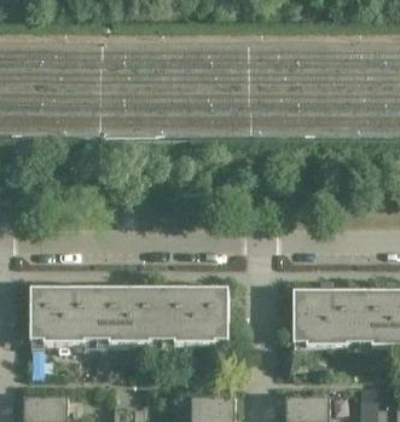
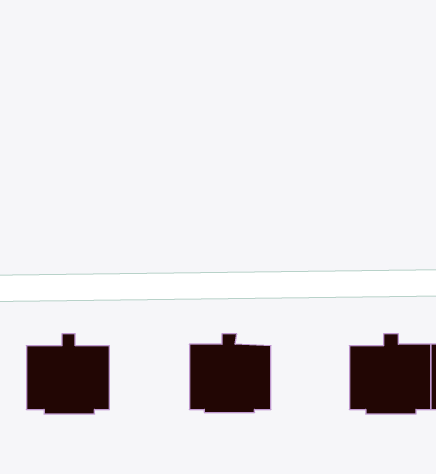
building: [95,279,161,345] -> none

